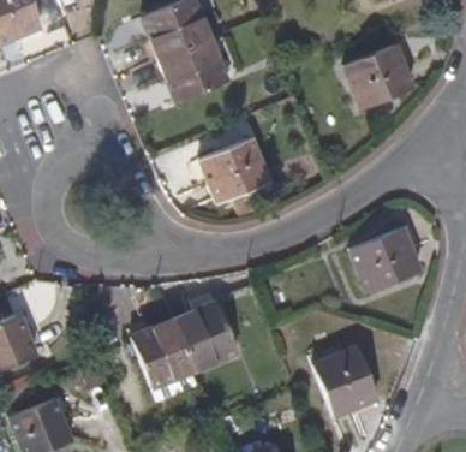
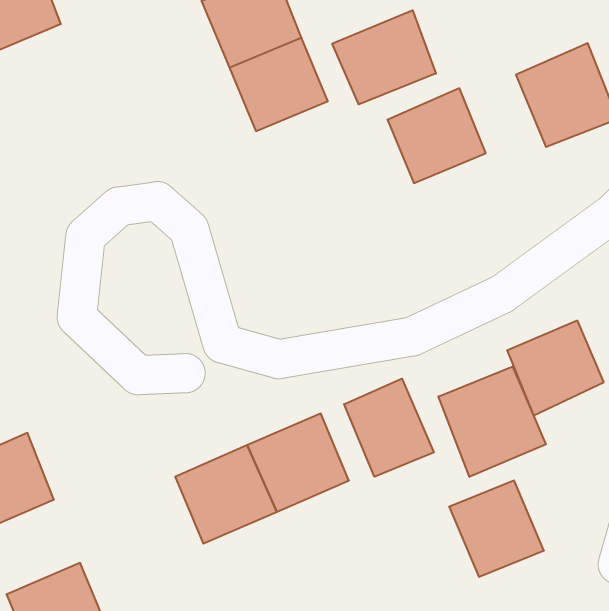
building: none -> [332,10,436,104]
building: [199,137,267,202] -> [387,88,486,183]
building: none -> [438,367,546,477]
building: none -> [344,379,434,477]

